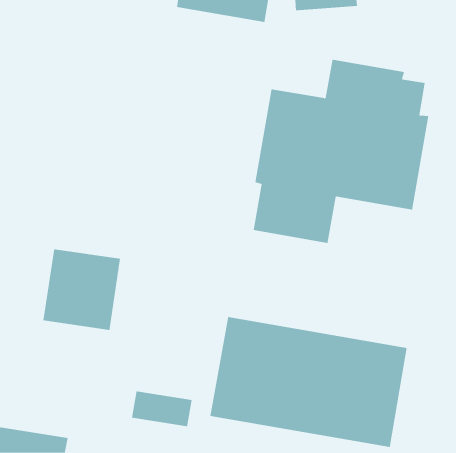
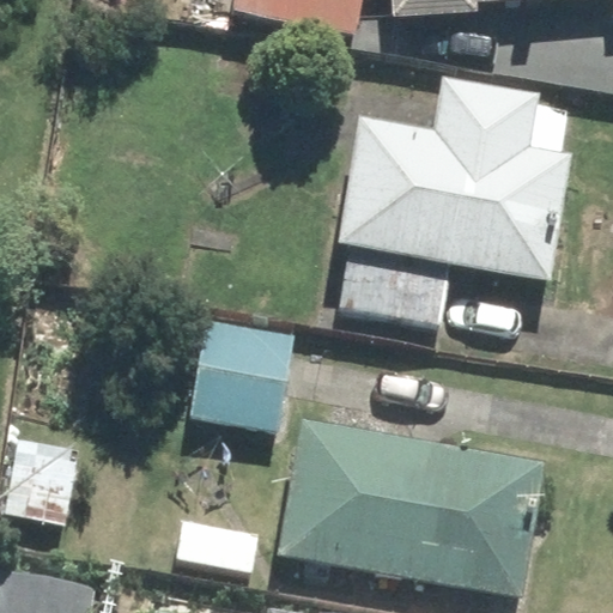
building: [43,249,121,330] -> [187,320,291,429]

